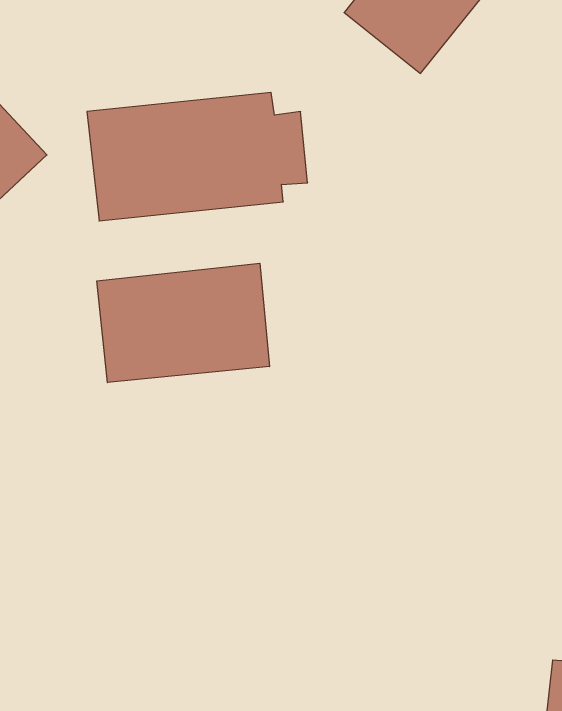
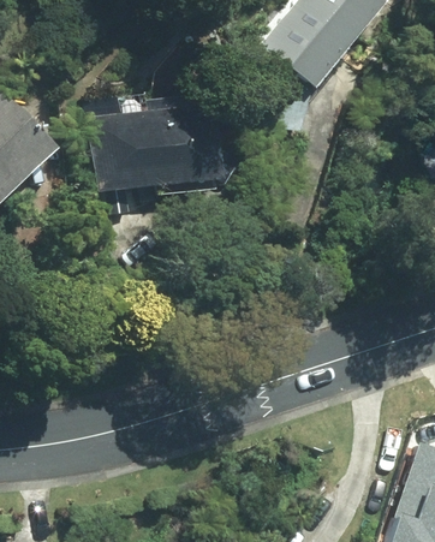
building: [97,263,269,383] -> none

